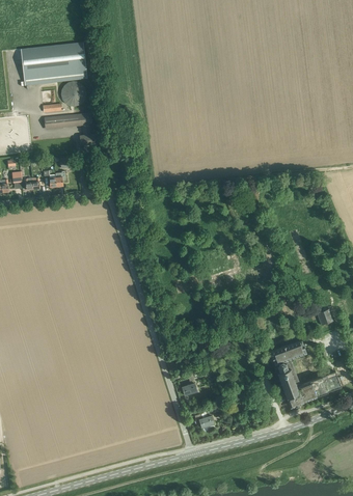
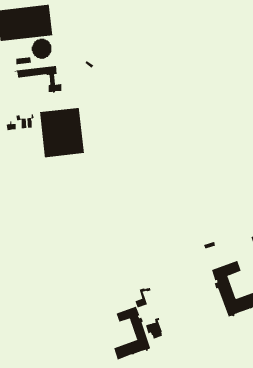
building: none -> [39,107,84,158]
building: none -> [114,306,151,360]

